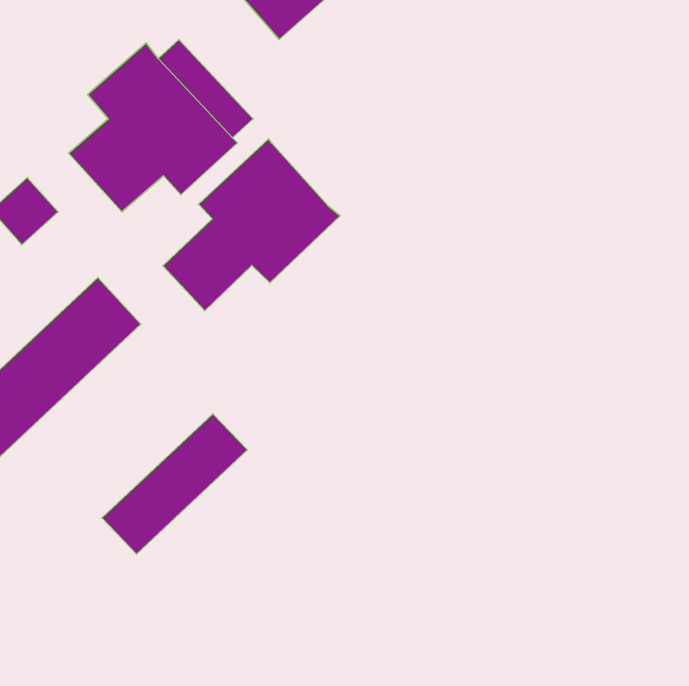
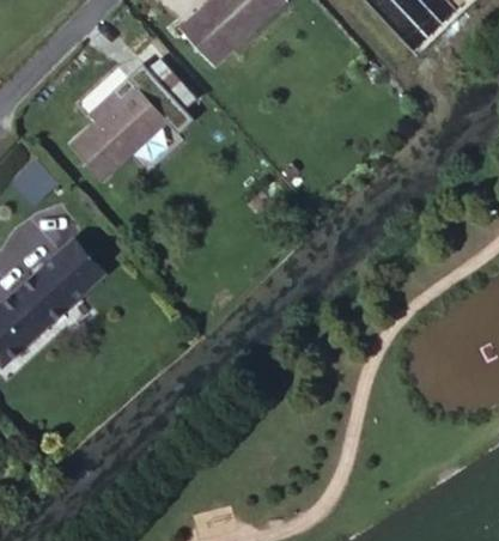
building: [163,139,340,311] -> none
building: [102,414,247,554] -> none

